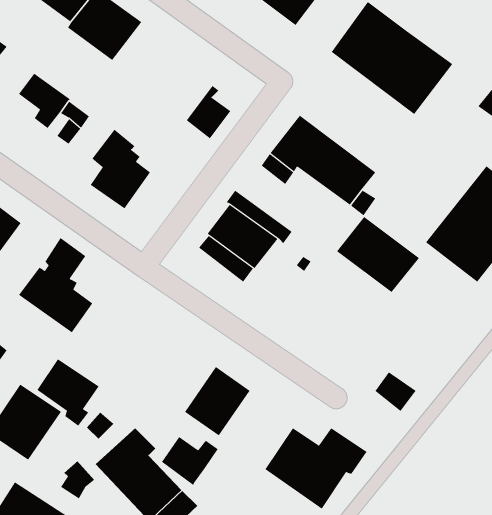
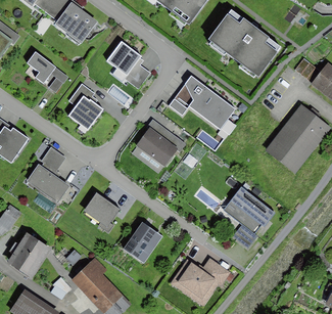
building: none -> [105,40,141,81]
building: [336,216,420,293] -> [229,188,278,233]
building: [37,358,99,427] -> [83,191,120,231]
building: [161,436,219,486] -> none

